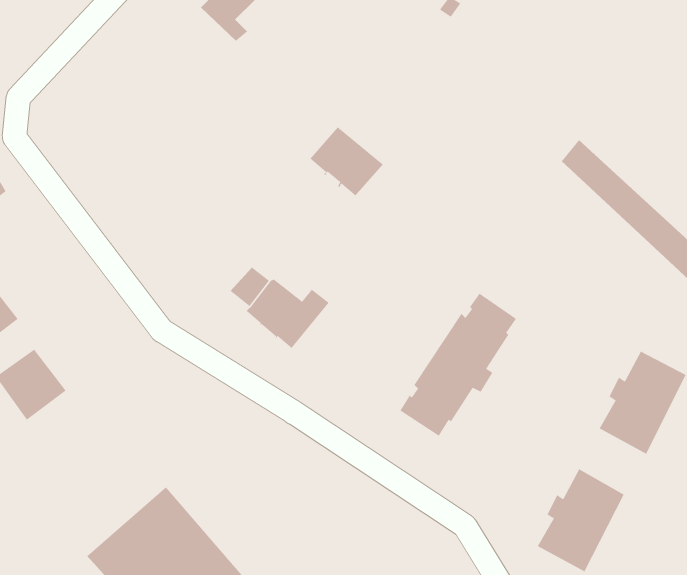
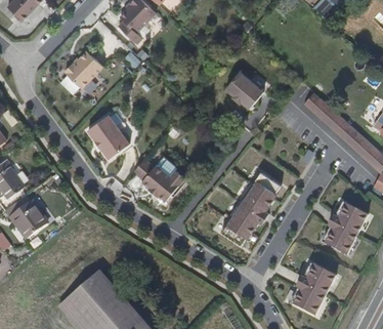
building: none -> [65,49,103,87]
building: [310,126,383,196] -> [225,72,263,108]
building: none -> [87,114,129,158]

